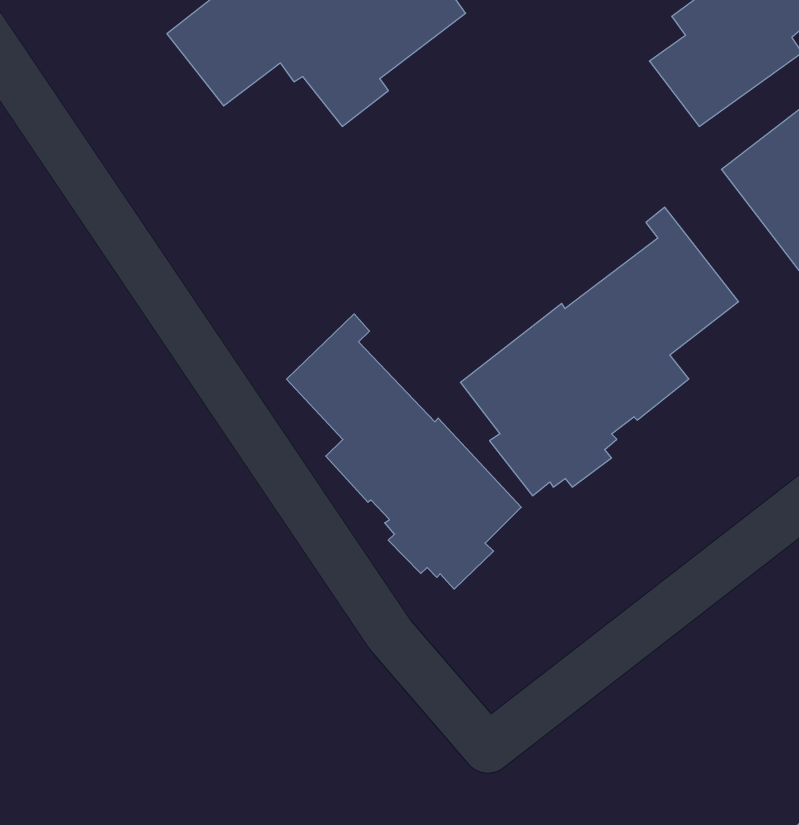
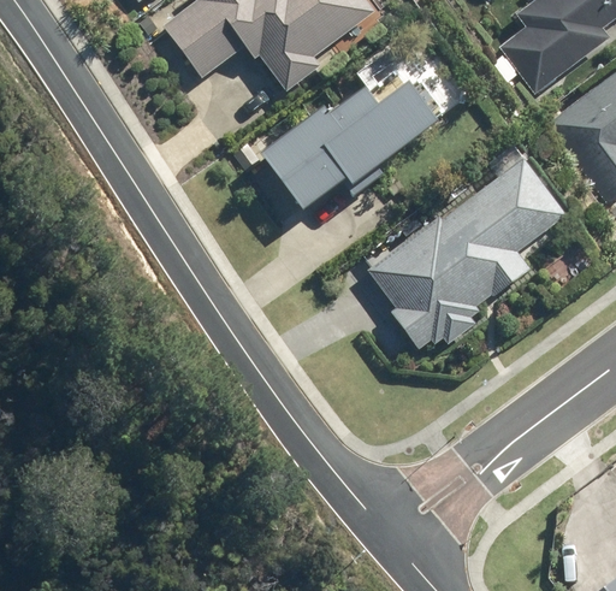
building: none -> [237,84,431,211]
building: [287,314,521,589] -> none

